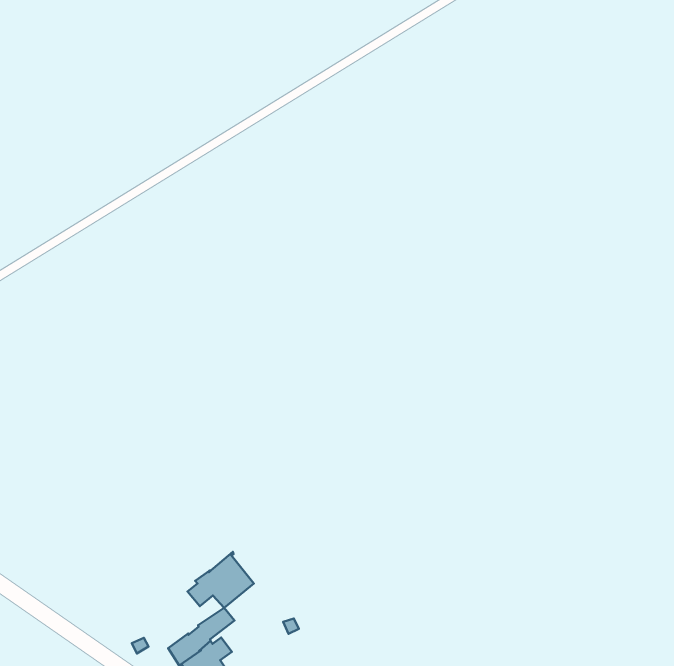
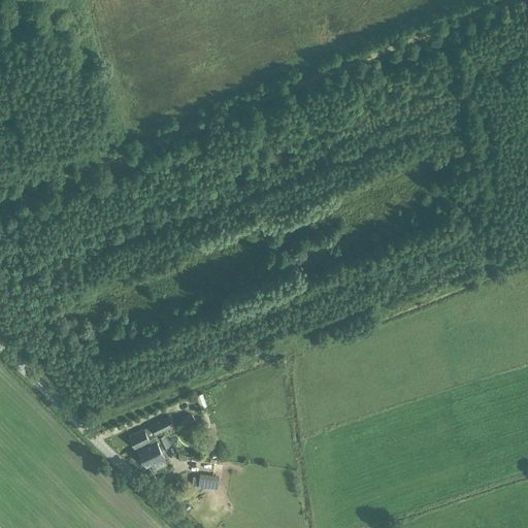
building: [188,552,254,608] -> none

